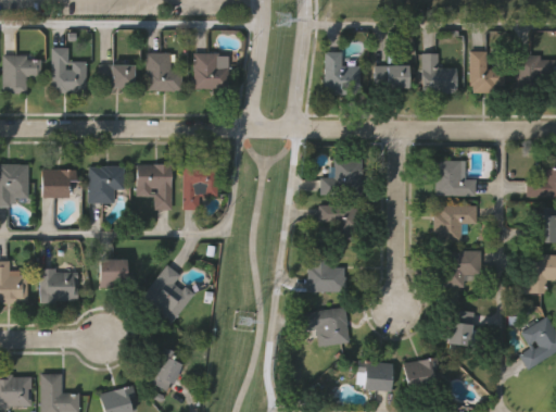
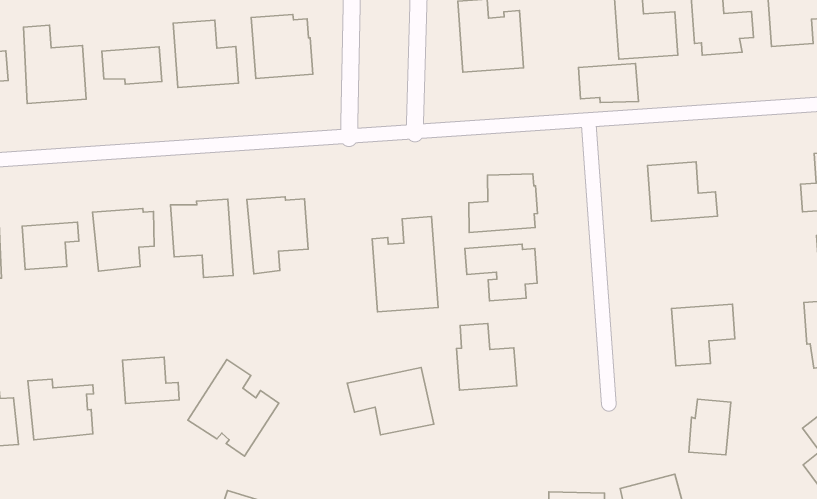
building: [374,65,409,89] -> [578,63,638,103]
building: none -> [372,217,438,312]
building: [433,204,478,241] -> none
building: [300,305,352,346] -> [347,367,434,435]

